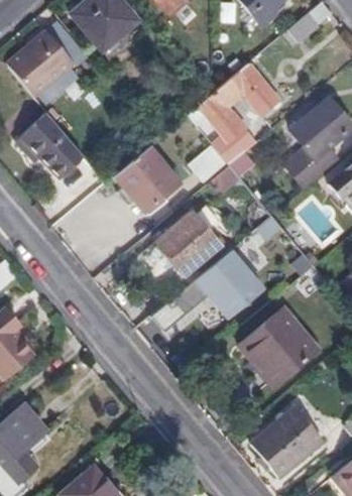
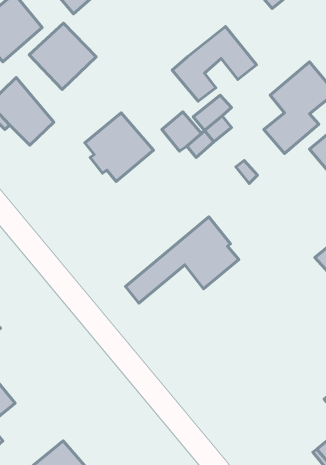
building: none -> [29,23,96,89]
building: [158,212,222,274] -> none
building: [236,305,315,381] -> none
building: [251,406,325,477] -> none

